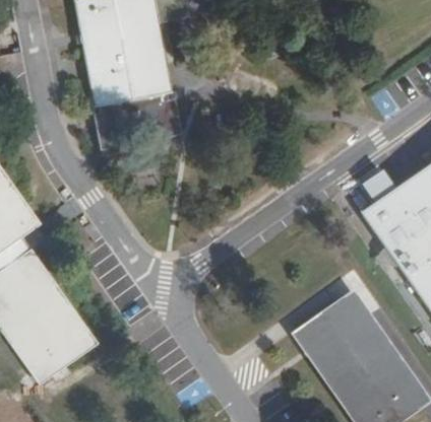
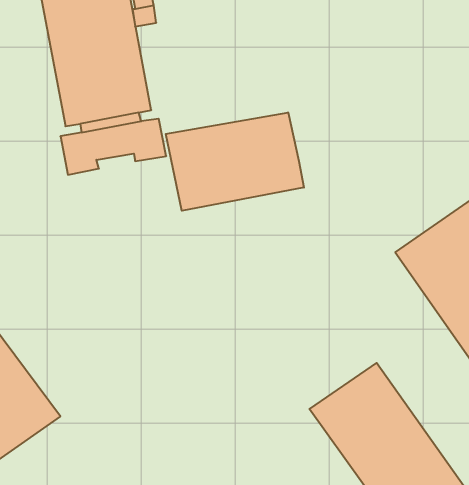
building: none -> [166,112,304,211]

